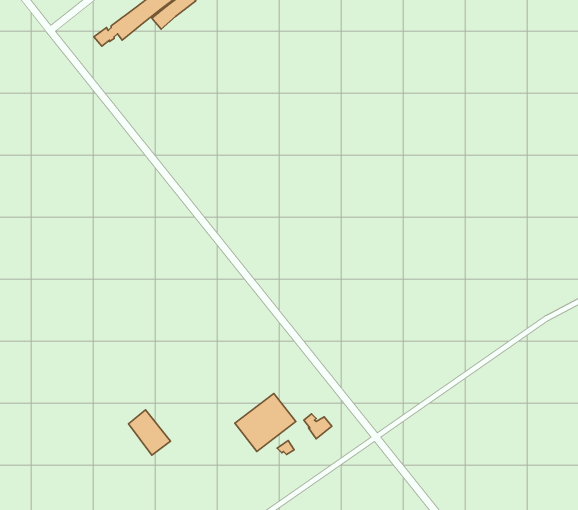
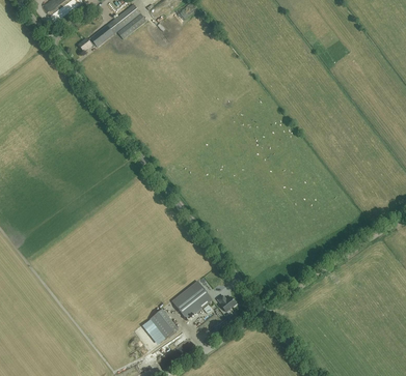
building: [128,410,171,455] -> [151,308,179,338]

